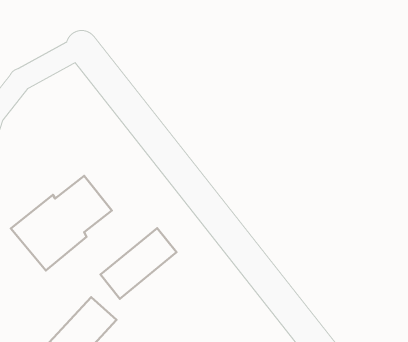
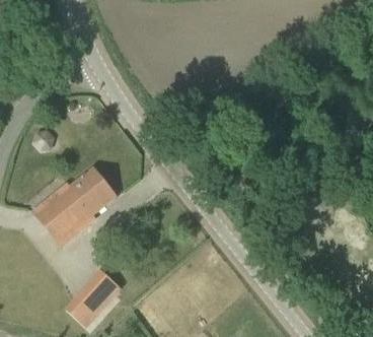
building: [100,228,177,299] -> none

